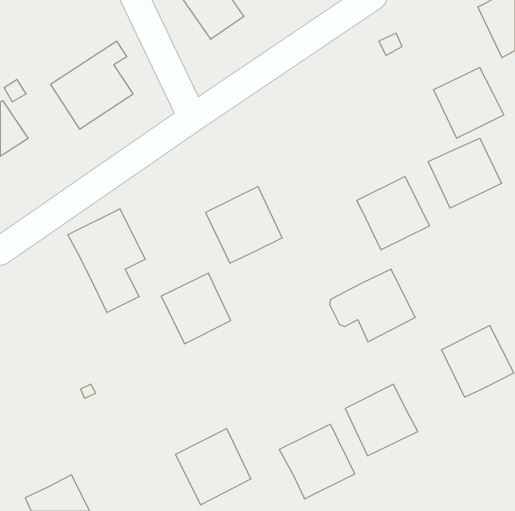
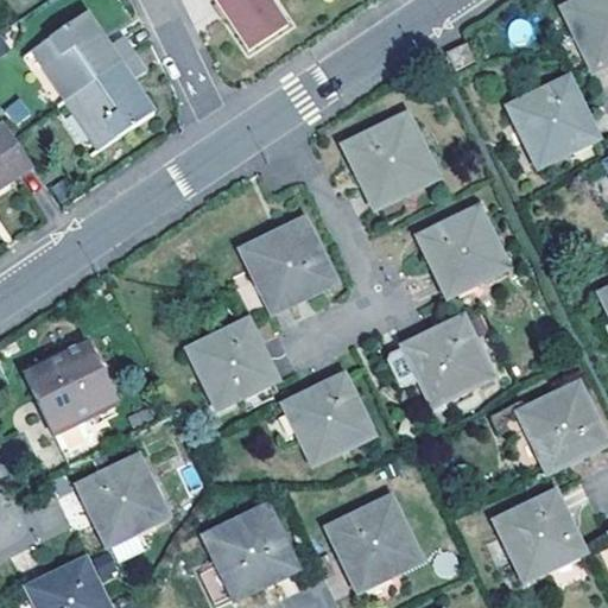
building: none -> [27,10,138,100]
building: none -> [344,116,435,205]
building: [428,138,501,208] -> none
building: [68,209,145,313] -> [24,341,115,463]
building: none -> [286,376,370,462]
building: [345,384,418,456] -> [498,493,583,577]
building: none -> [82,456,164,556]

